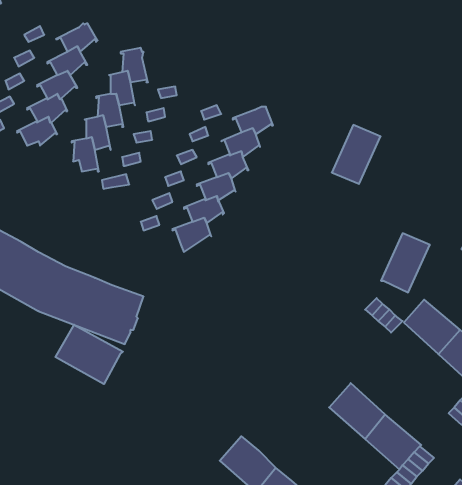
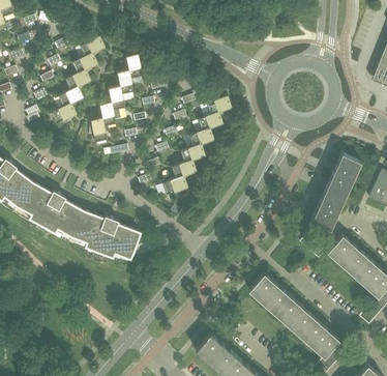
building: [332,125,381,184] -> [327,153,362,196]
building: [55,325,123,384] -> none
building: none -> [249,273,290,313]

